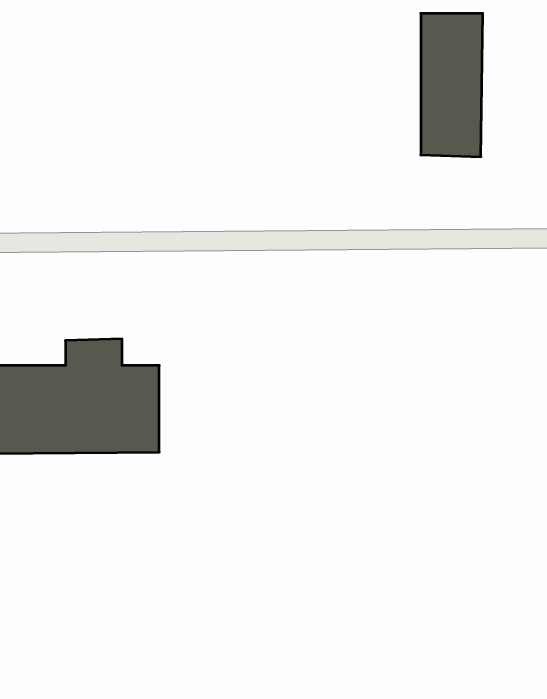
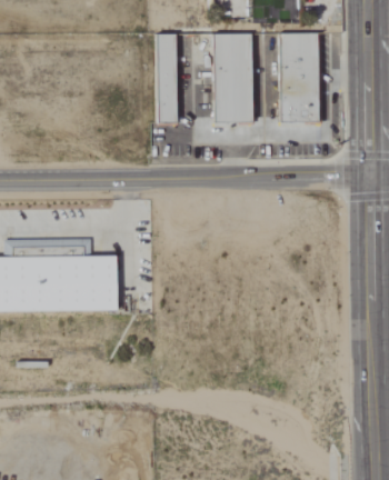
building: none -> [157,33,178,123]
building: none -> [216,33,252,123]

